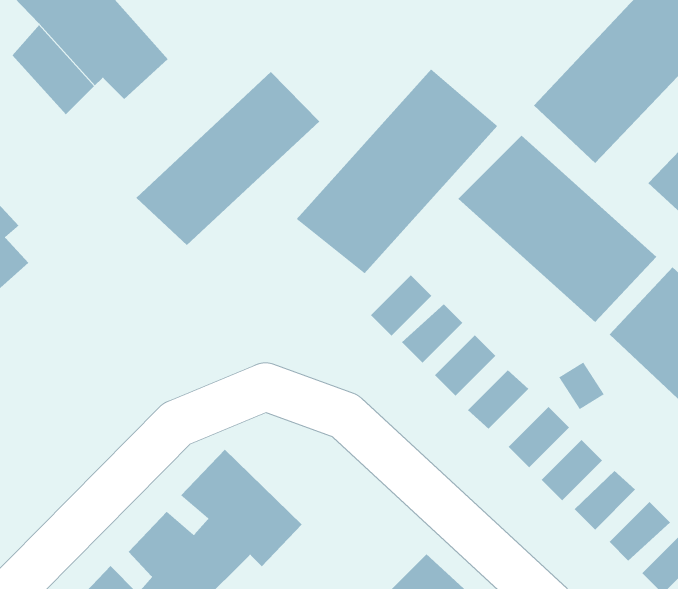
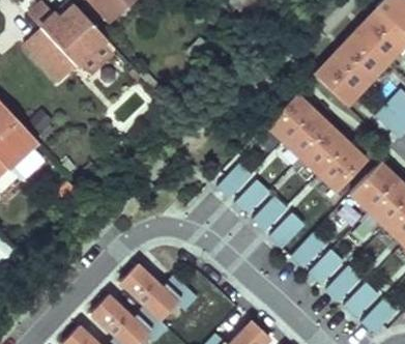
building: [296,69,498,274] -> none
building: [136,71,320,246] -> none

